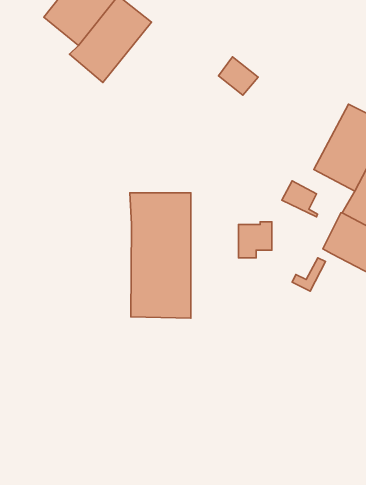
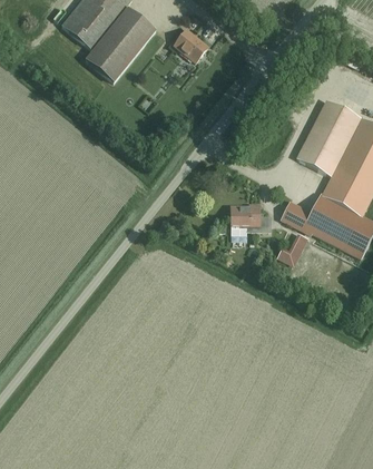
building: [218,57,258,95] -> [175,28,209,61]
building: [282,181,318,217] -> [282,202,313,233]
building: [130,193,191,318] -> none

